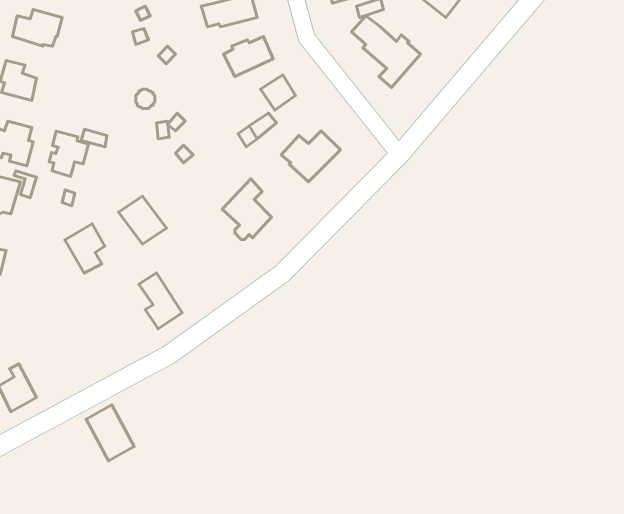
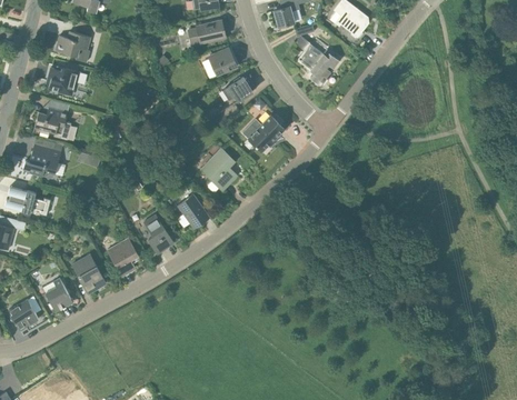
building: [49,131,89,176] -> none
building: [119,196,167,244] -> [177,194,210,228]
building: [65,224,105,273] -> [109,240,137,274]
building: [86,405,134,461] -> [72,254,106,293]

